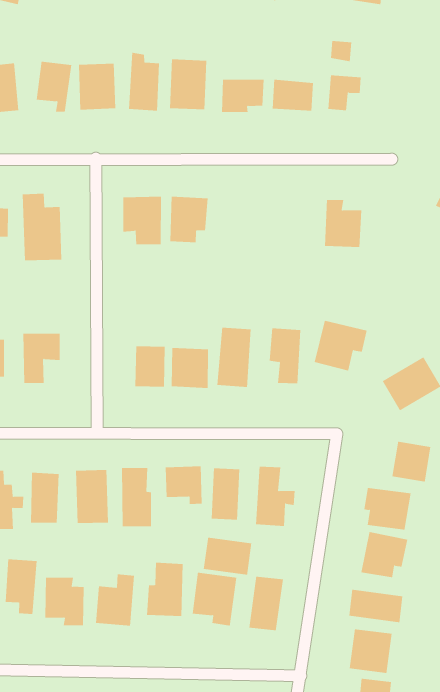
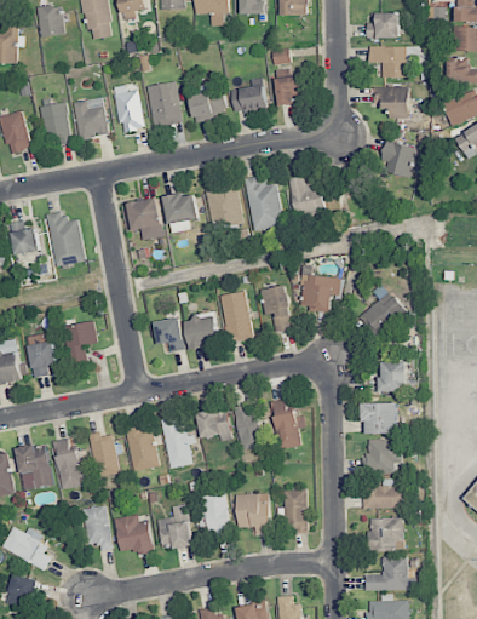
building: none -> [245,176,283,230]
building: none -> [205,184,243,230]
building: [203,537,252,576] -> none

